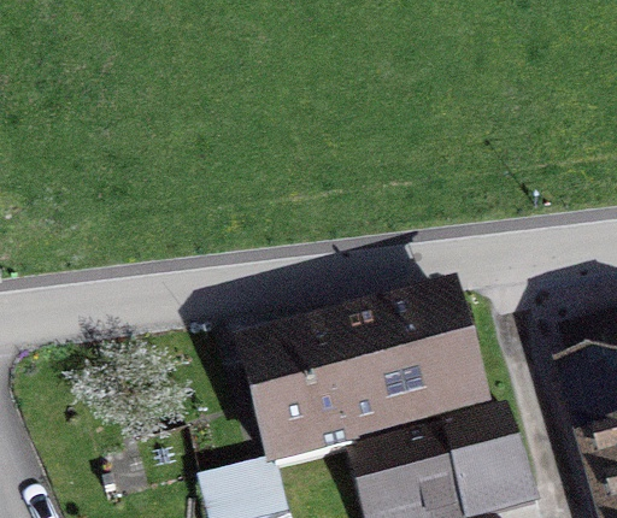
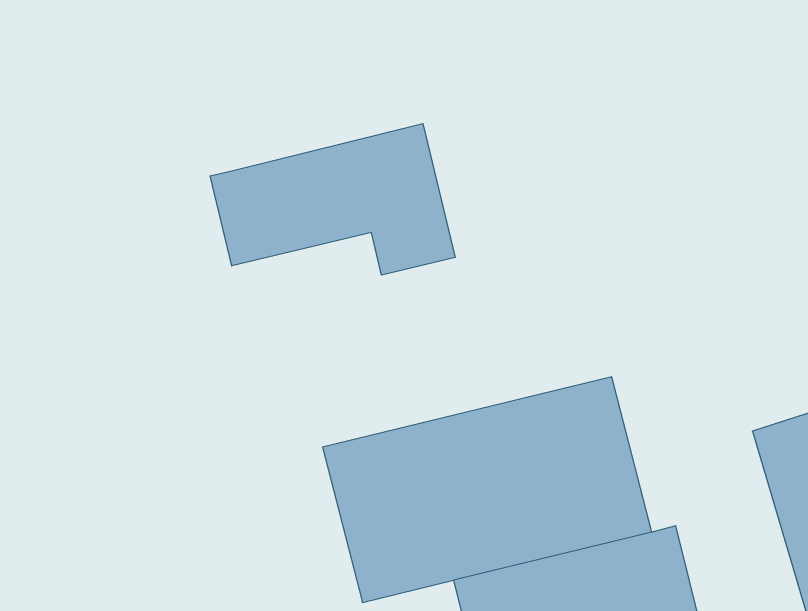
building: none -> [210,124,455,275]

